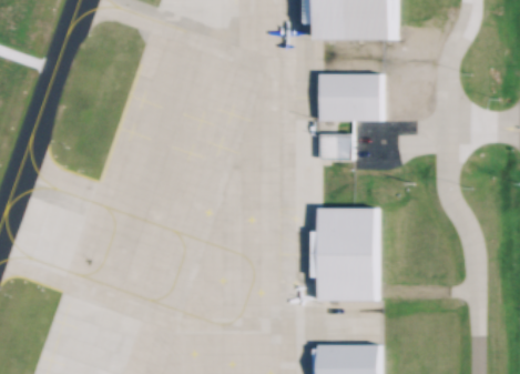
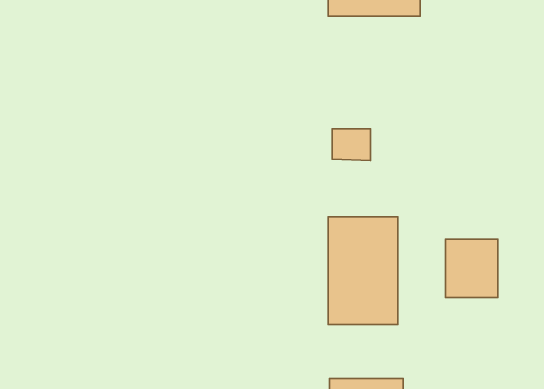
building: [316,73,378,120] -> none
building: none -> [445,239,498,298]

